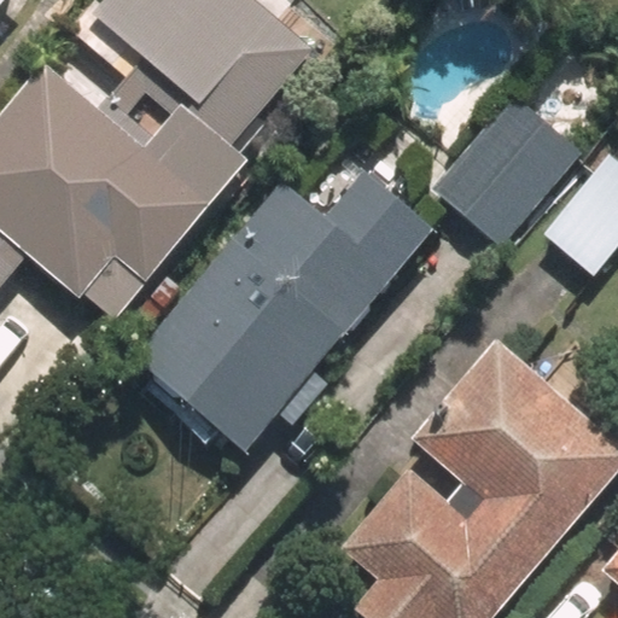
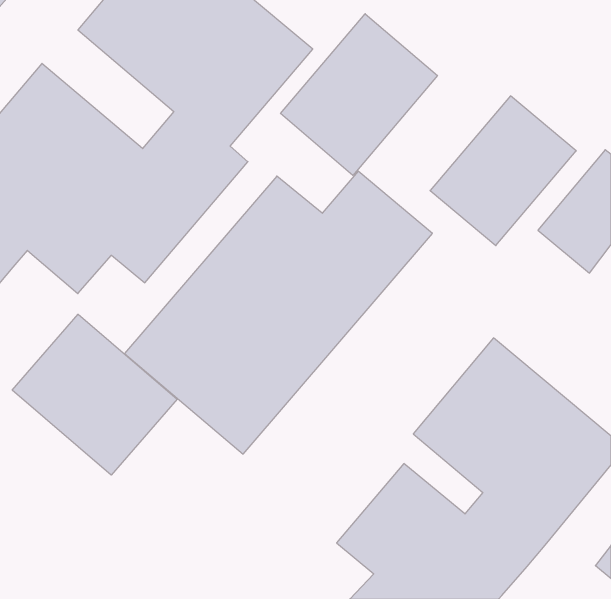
building: none -> [281,14,437,175]
building: none -> [12,314,177,475]

